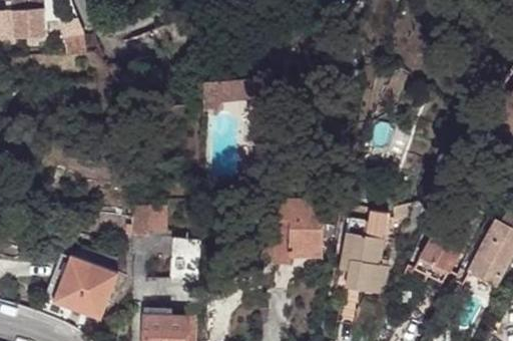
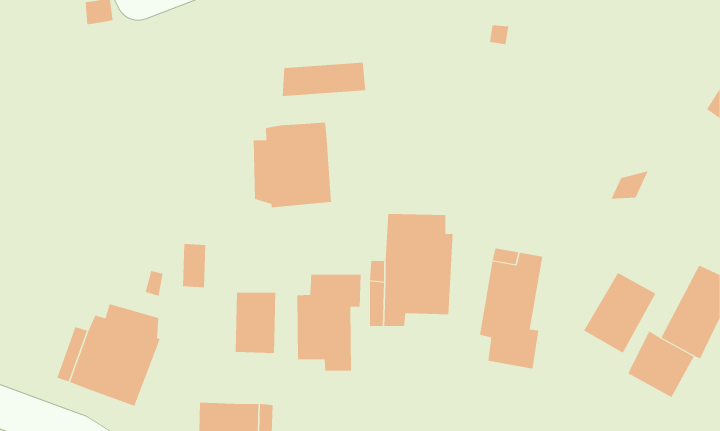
building: none -> [253,122,331,208]
building: none -> [297,274,361,372]

